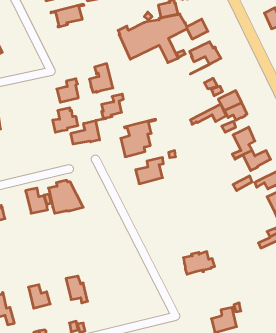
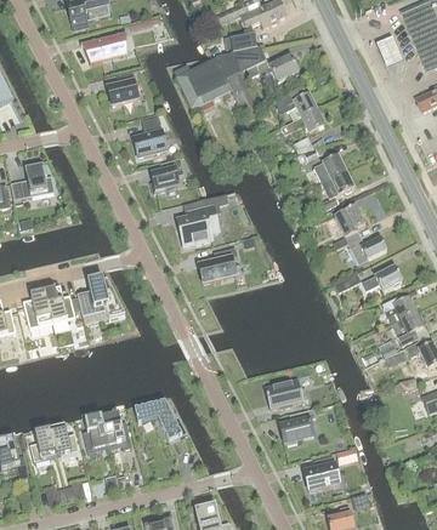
building: [57,79,78,102] -> [107,72,137,104]
building: [190,104,227,124] -> [274,108,325,136]
building: [53,108,78,132] -> [18,164,53,198]
building: [71,118,106,144] -> none
building: none -> [23,292,52,330]
building: none -> [134,400,182,440]
building: none -> [279,410,313,444]
building: none -> [83,415,109,450]
building: none -> [29,427,56,461]

